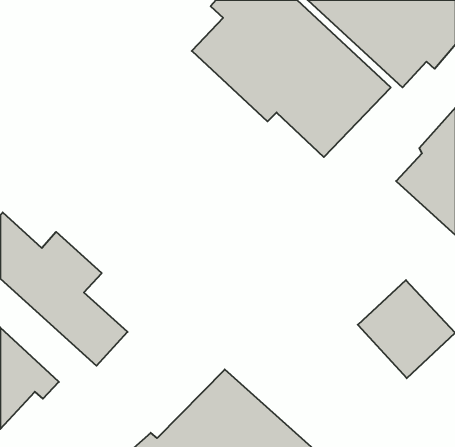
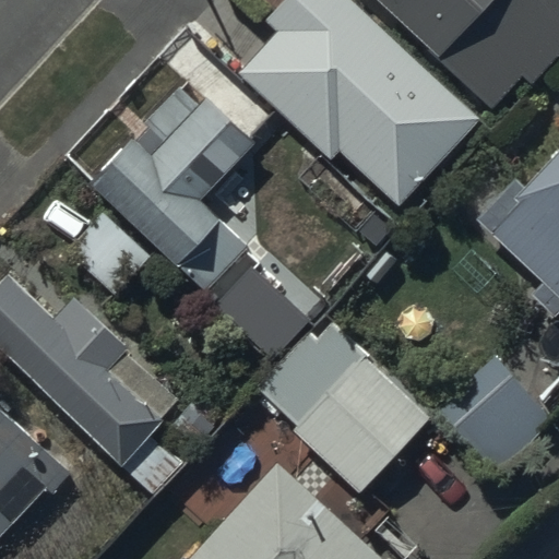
building: none -> [86,94,253,293]
building: none -> [257,322,436,495]

